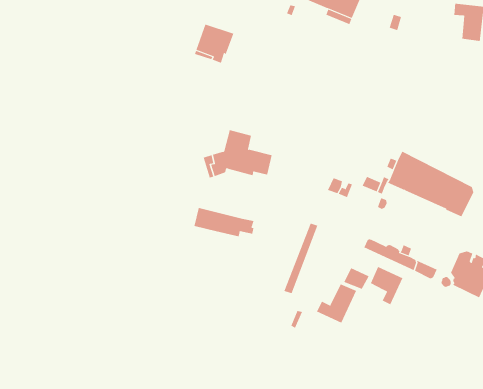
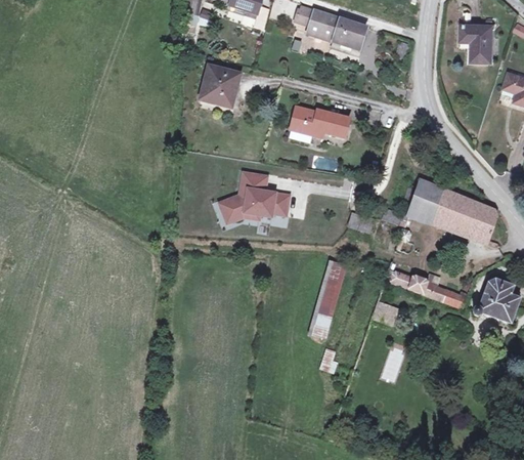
building: none -> [290,107,349,141]
building: [194,207,254,237] -> none
building: [370,266,403,305] -> none
building: [316,283,357,324] -> none

